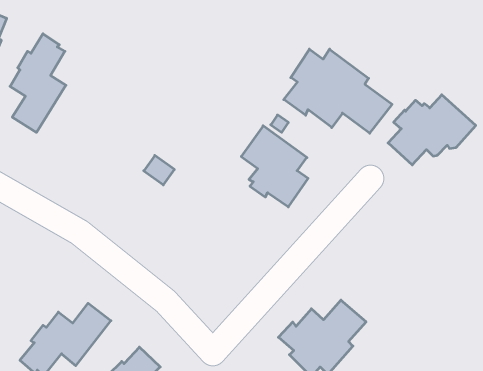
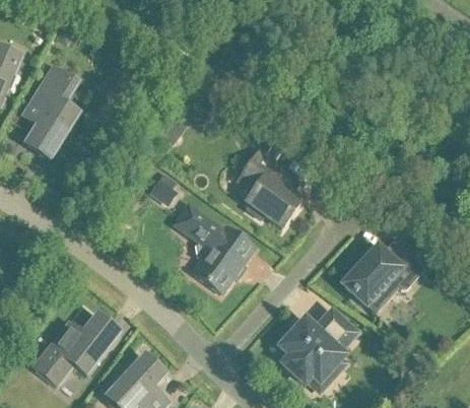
building: [284,49,392,133] -> none
building: [388,95,476,165] -> [343,240,424,304]
building: none -> [176,206,253,291]

